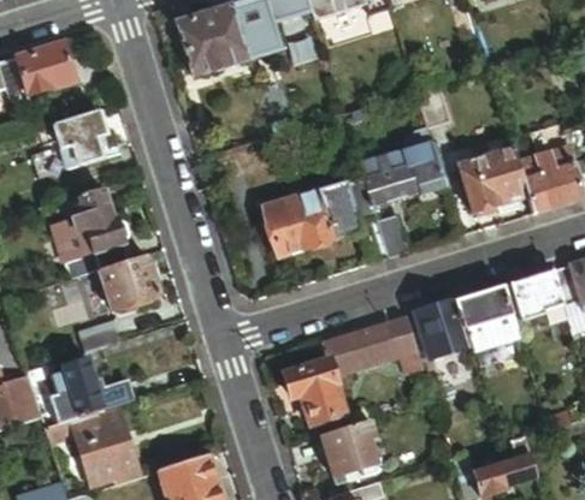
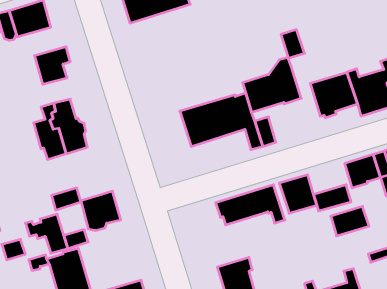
building: [100,254,159,311] -> [81,191,121,230]
building: [456,285,513,328] -> [331,206,369,236]
building: [286,361,347,424] -> none

